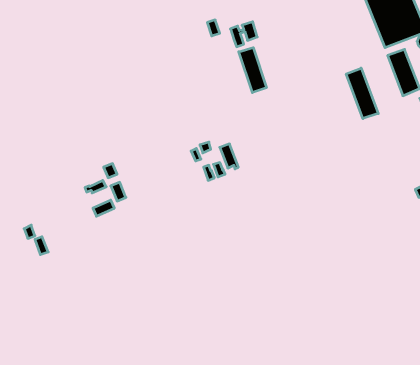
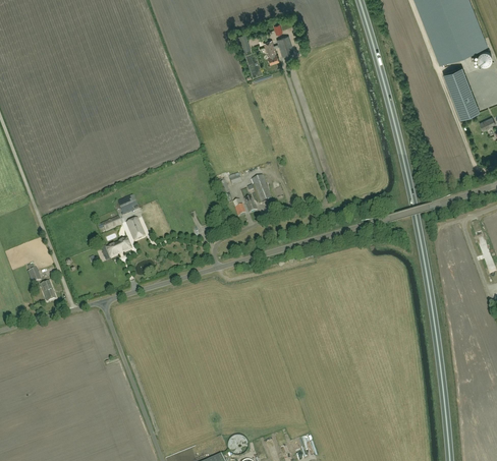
building: [239,48,266,93] -> none
building: [346,68,378,119] -> none

